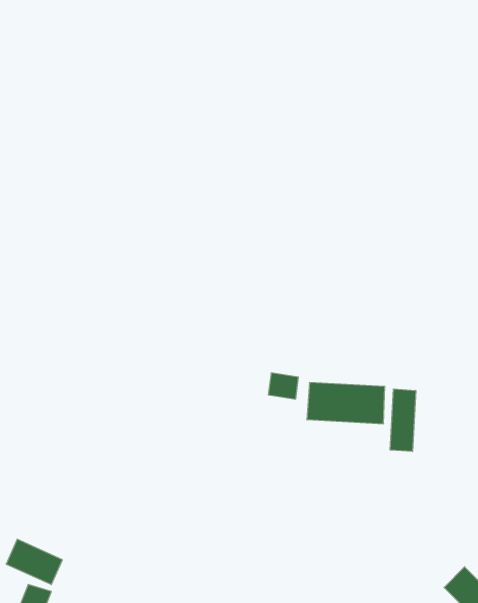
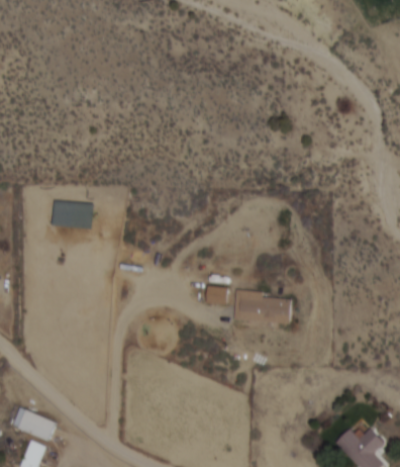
building: none -> [54,202,93,226]
building: [390,389,416,452] -> none

